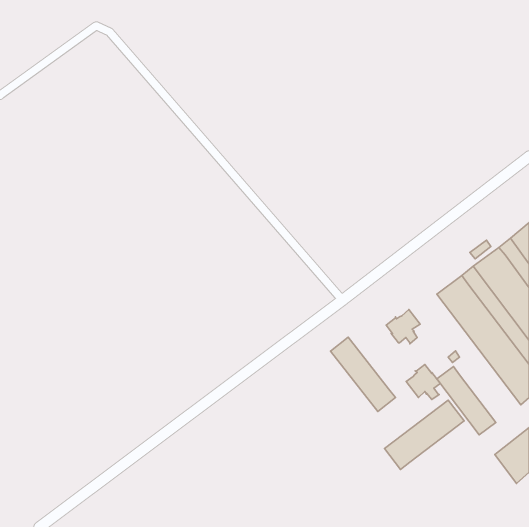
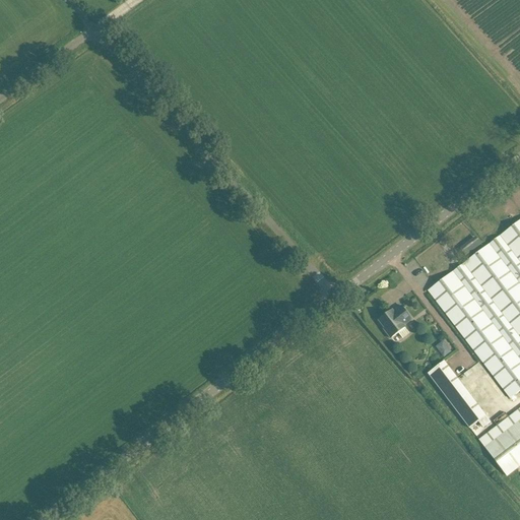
building: [330,337,396,412] -> none
building: [406,365,440,399] -> none
building: [385,400,464,469] -> none

